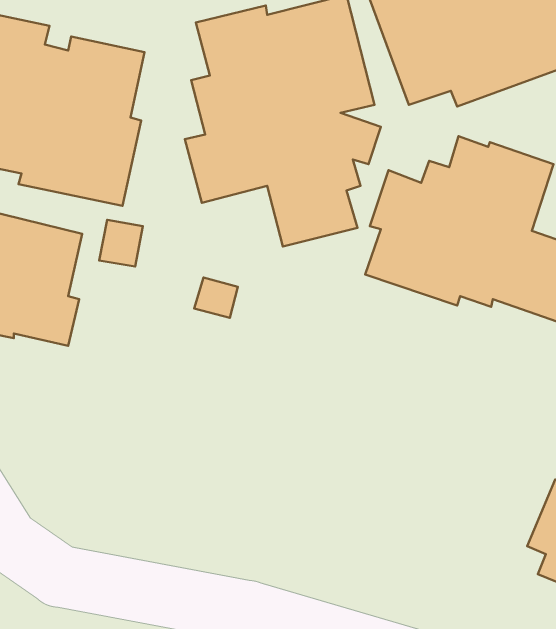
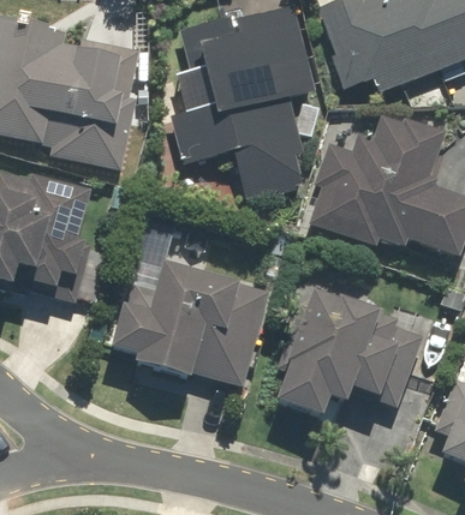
building: none -> [111,261,269,385]
building: none -> [274,291,425,415]

